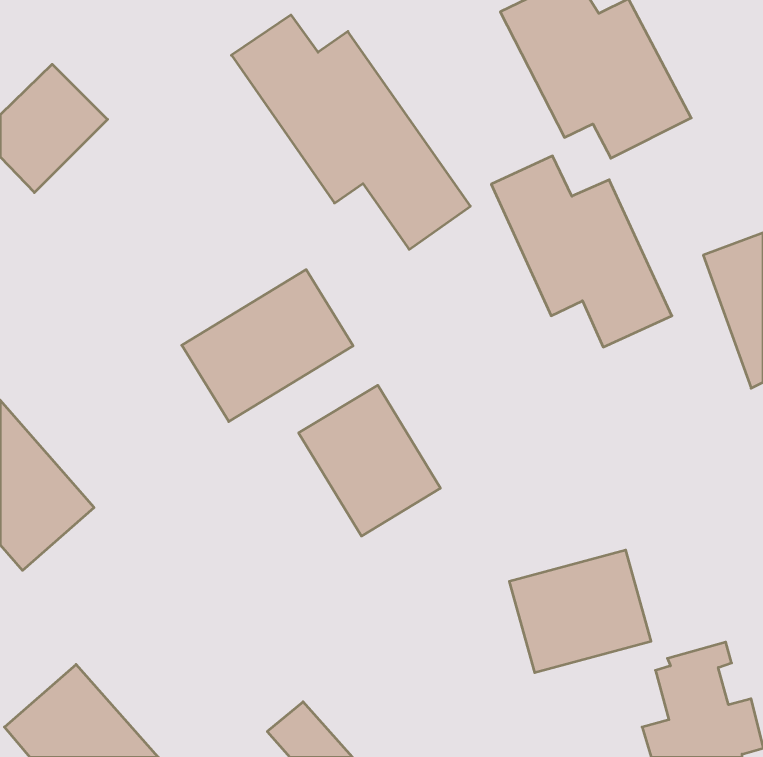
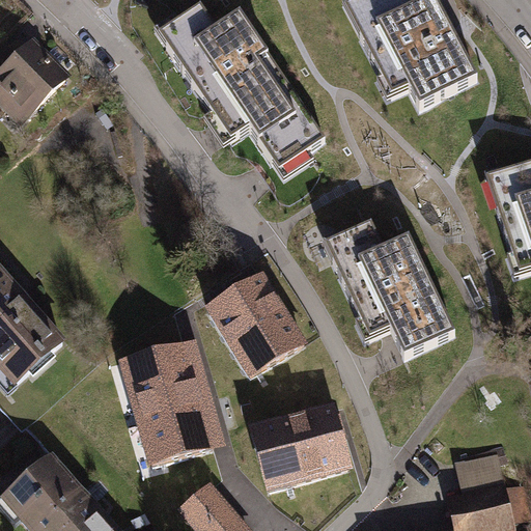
building: [491,156,672,347] -> [331,228,456,361]
building: [182,270,353,422] -> none
building: none -> [121,335,224,459]
building: [509,550,651,673] -> [252,399,351,484]

